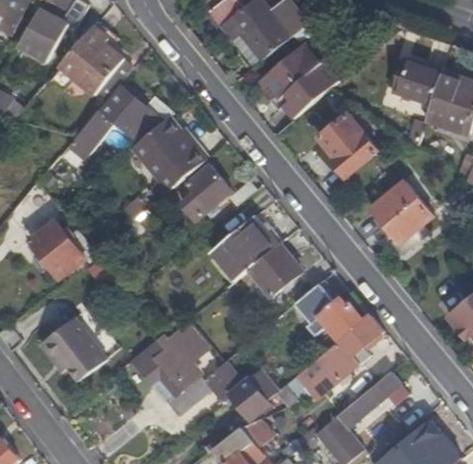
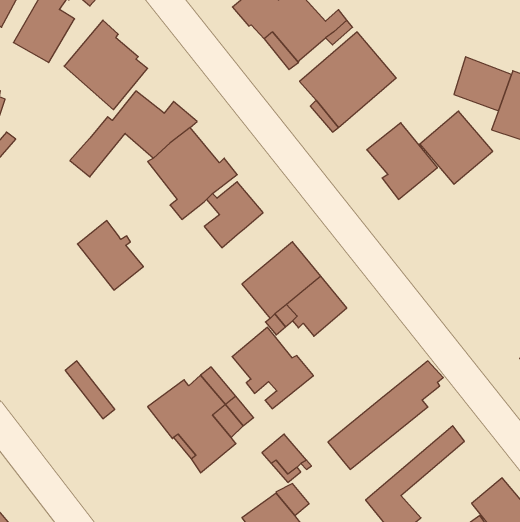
building: [372,182,434,244] -> [420,111,493,184]
building: [28,218,84,277] -> [77,221,143,290]
building: [296,279,365,348] -> [232,327,313,409]
building: [40,324,94,380] -> none

